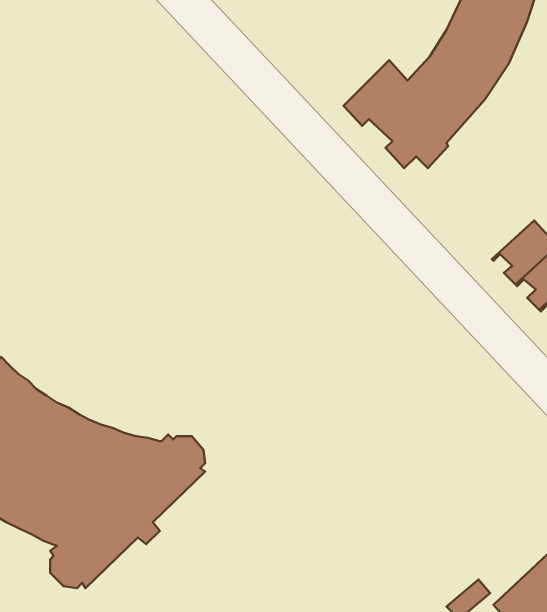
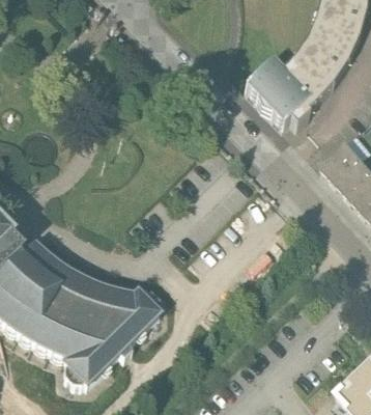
building: none -> [323,142,361,182]

